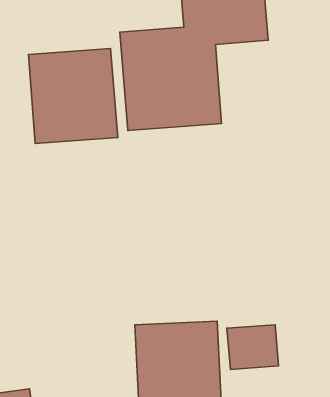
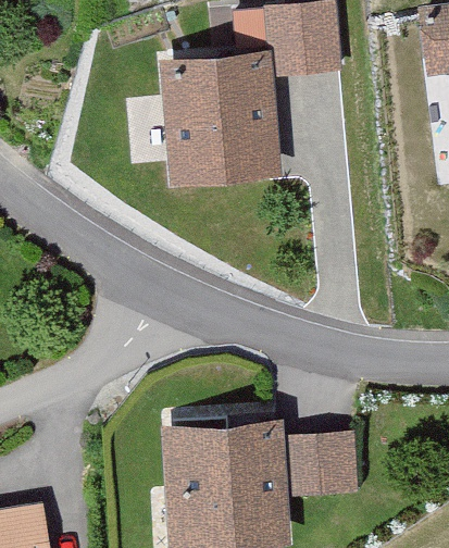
building: [29,49,118,144] -> none

